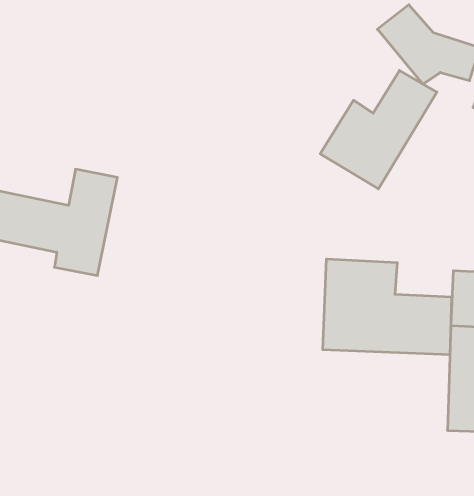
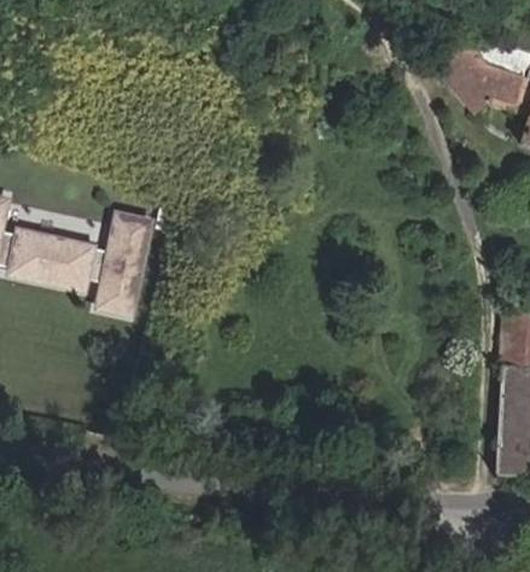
building: [320,70,437,189] -> none
building: [323,259,451,355] -> none

